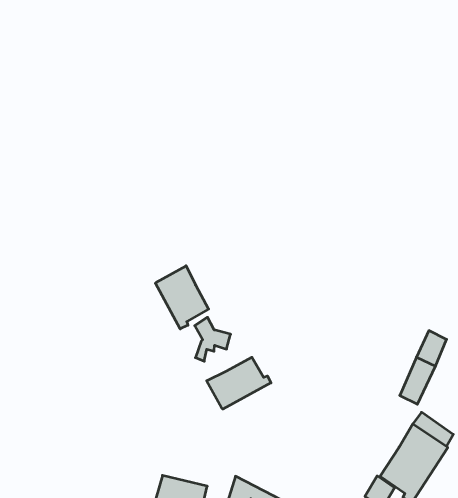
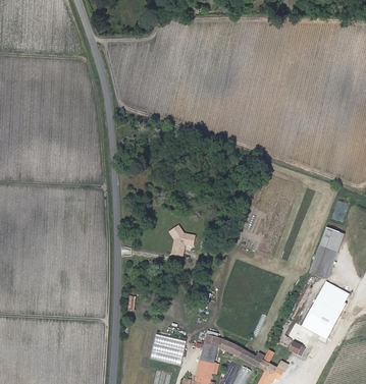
building: [155,266,209,329] -> none
building: [207,357,271,409] -> none

